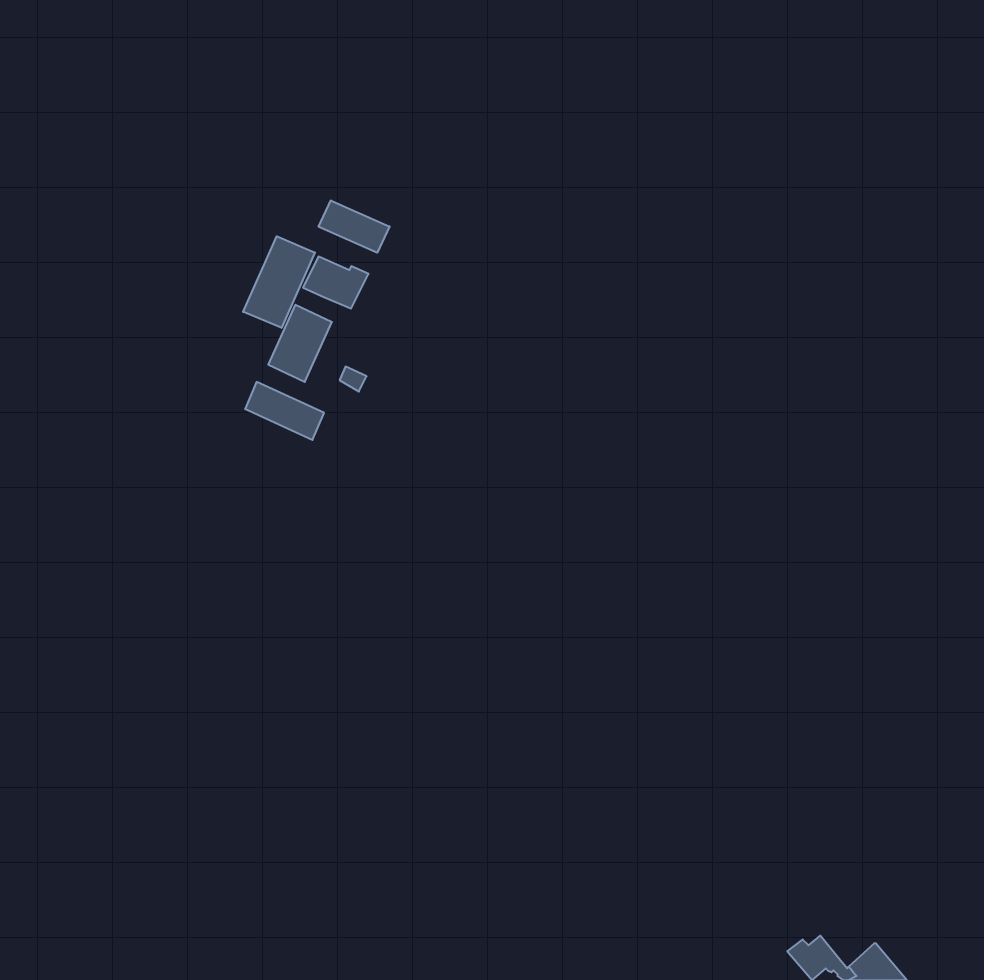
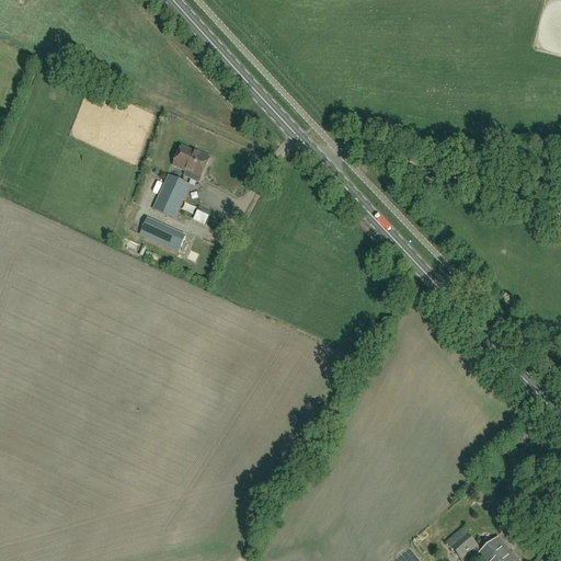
building: [319,200,390,253] -> none
building: [243,236,315,328] -> none

